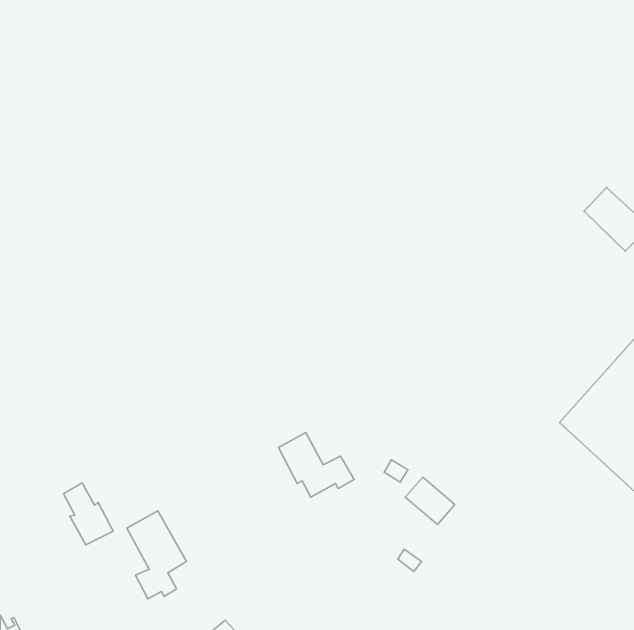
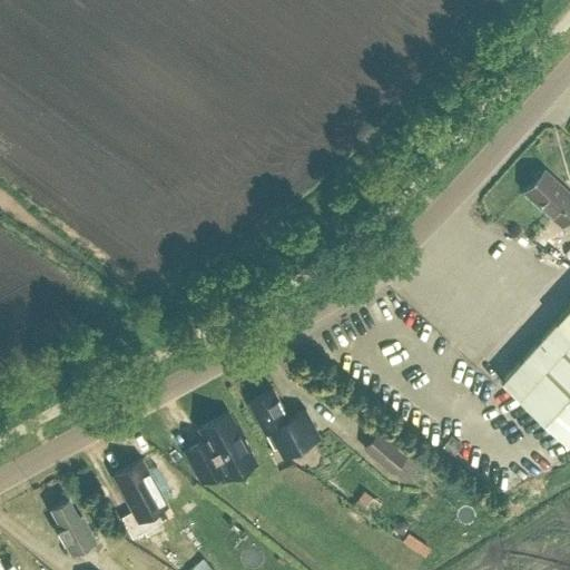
building: none -> [187,416,256,485]
building: [64,483,113,545] -> [52,501,97,557]

